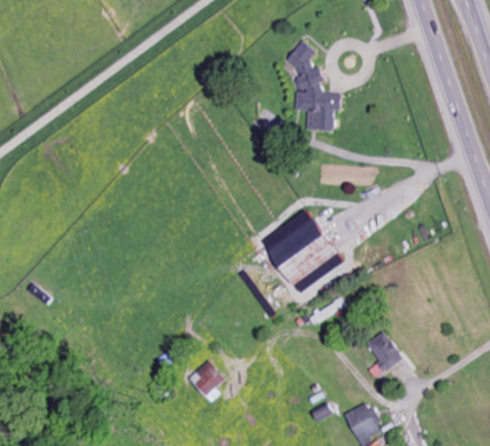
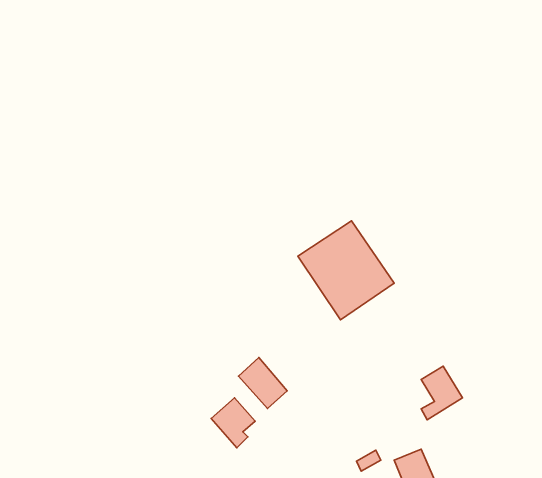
building: [288,45,339,131] -> none
building: none -> [238,357,287,409]

